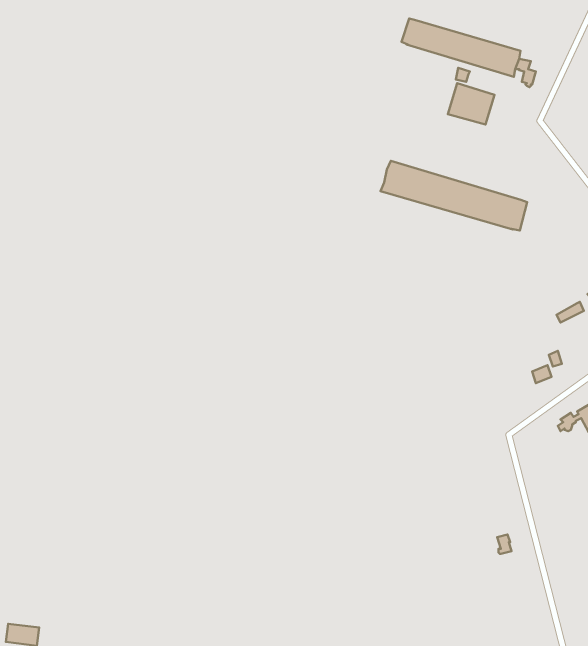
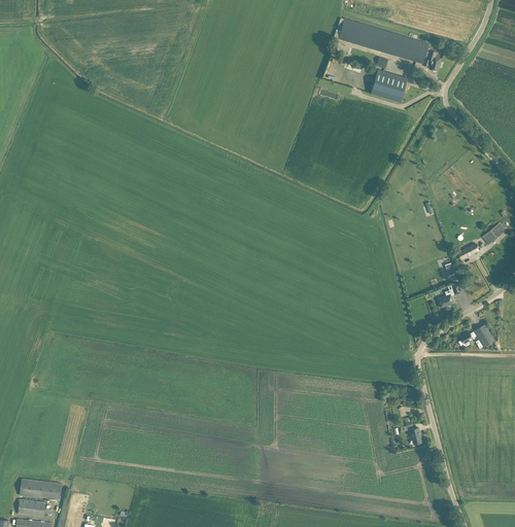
building: [380,161,527,230] -> none
building: none -> [21,479,61,499]

